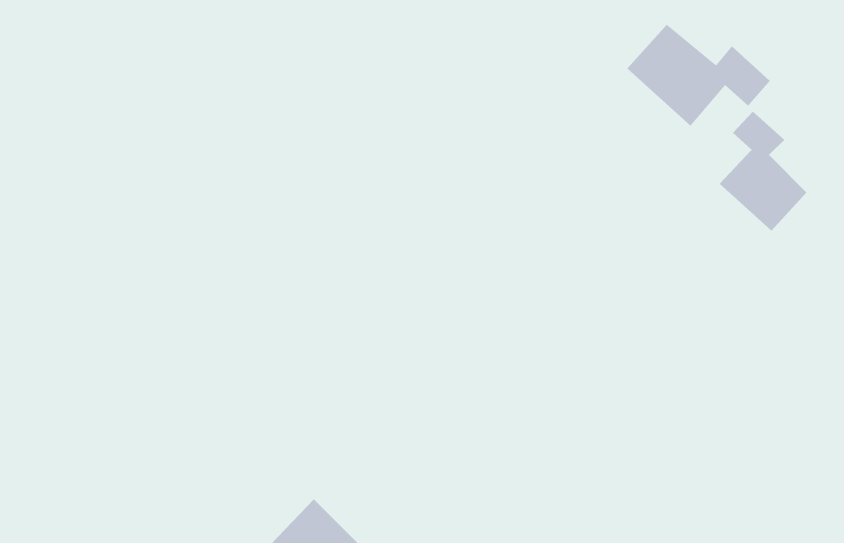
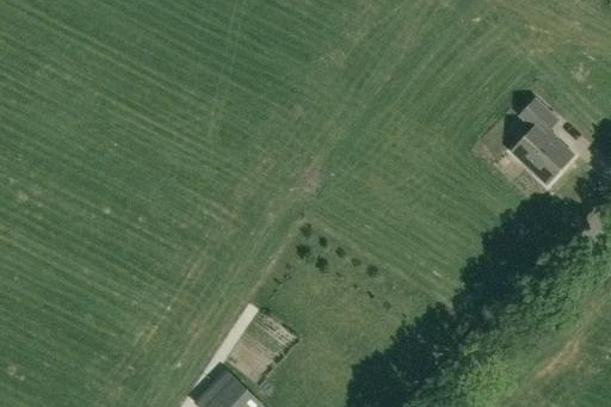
building: [627,24,771,126] -> none

